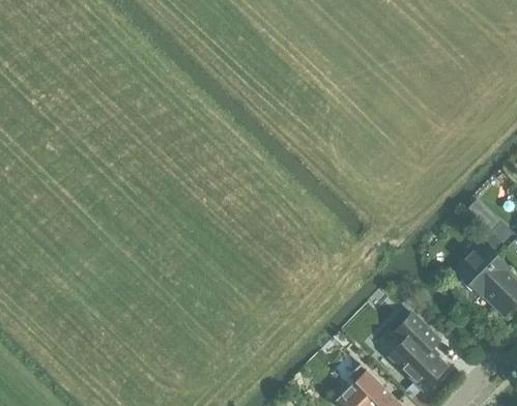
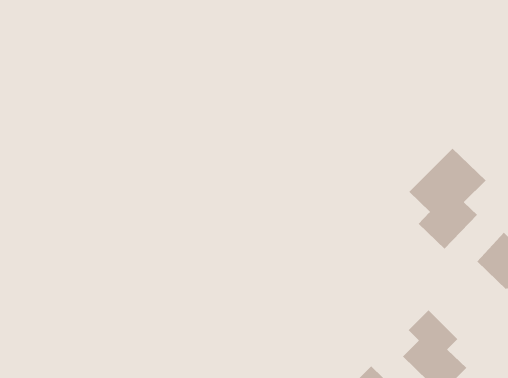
building: none -> [409,148,487,250]

